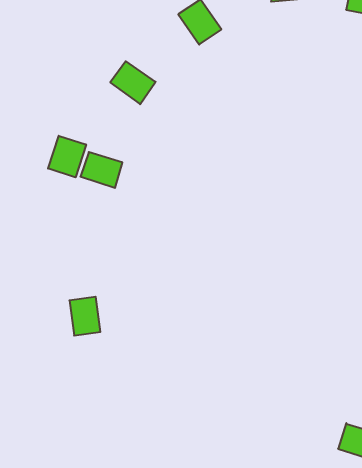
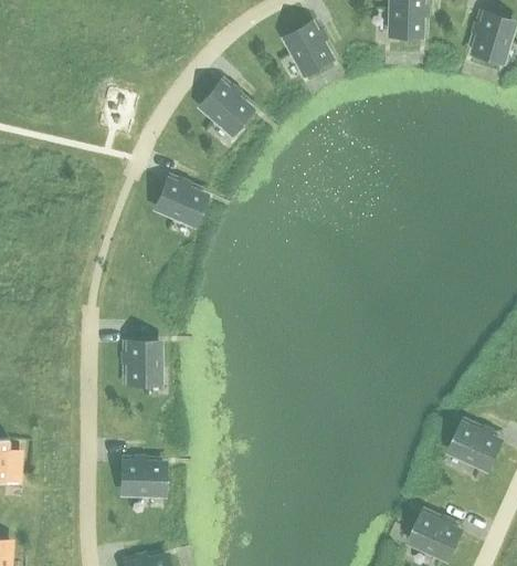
building: [48,136,86,177] -> none
building: none -> [124,463,165,493]

